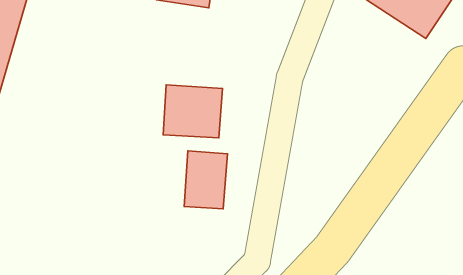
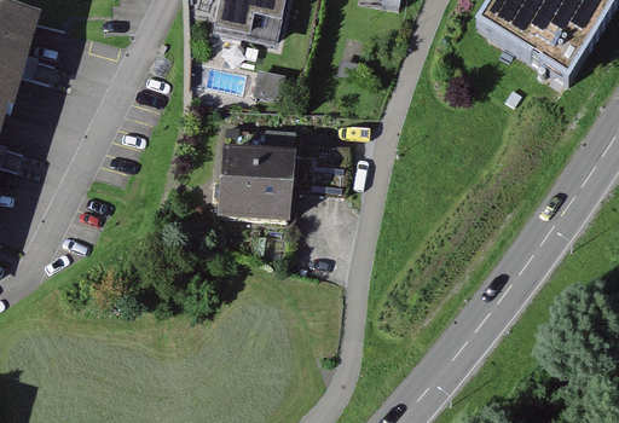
building: [184,151,227,209] -> none

